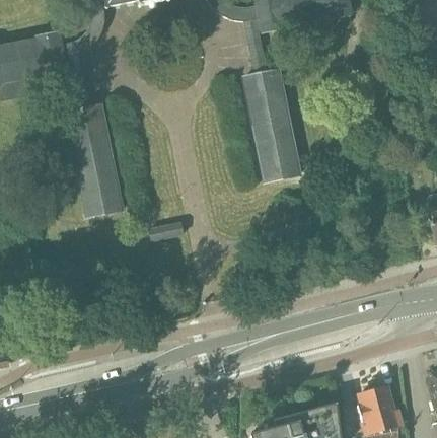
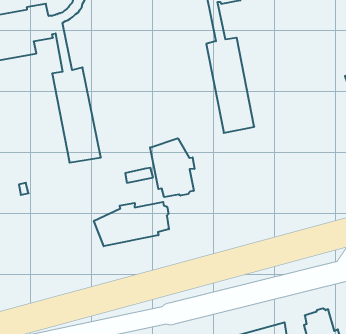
building: none -> [150,138,194,197]
building: none -> [94,202,169,246]

